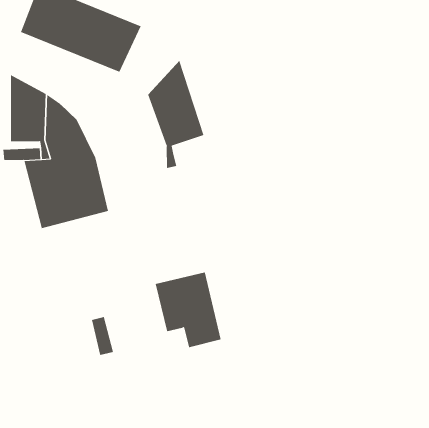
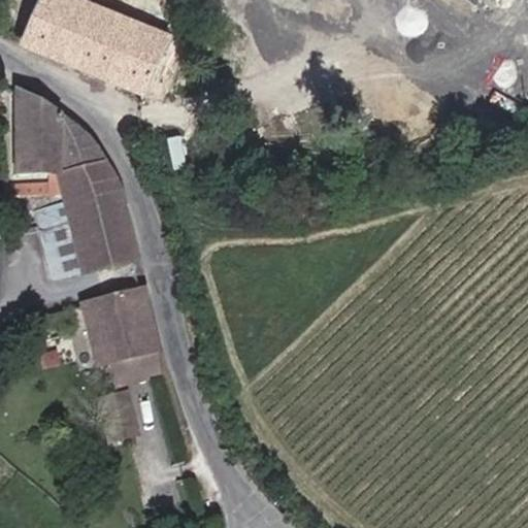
building: [147,60,204,169] -> none
building: [155,272,221,348] -> [81,290,163,383]

